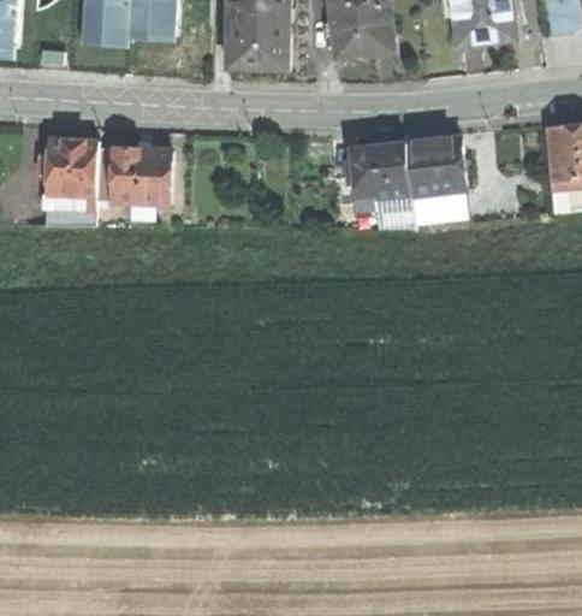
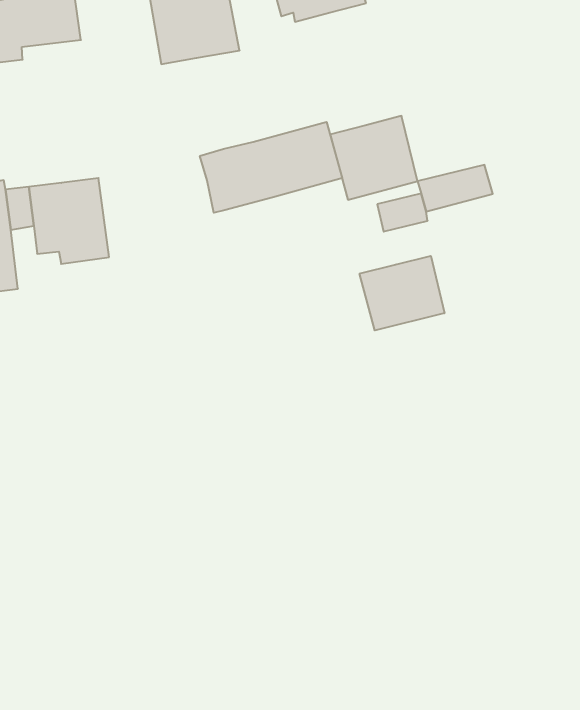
building: none -> [200,122,342,213]
building: [406,137,463,192] -> none
building: none -> [360,256,444,330]

